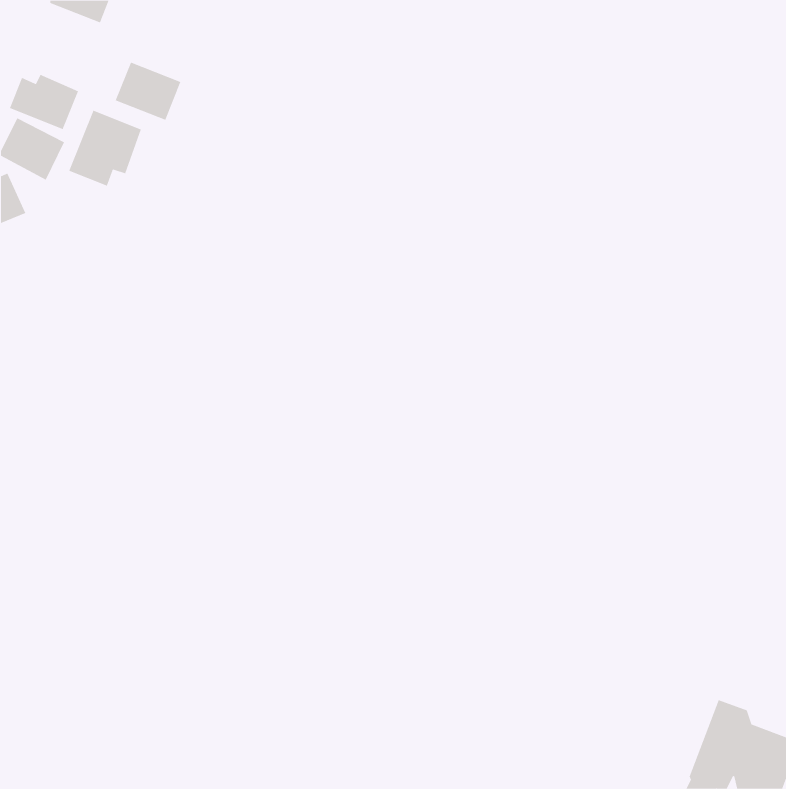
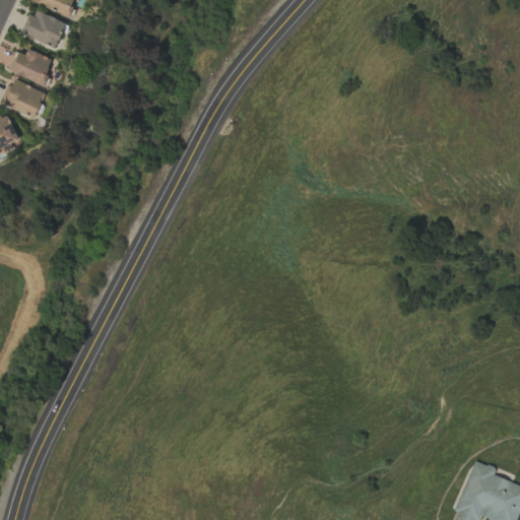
building: [115,62,181,121] -> [22,9,66,48]
building: [69,110,141,187] -> none

